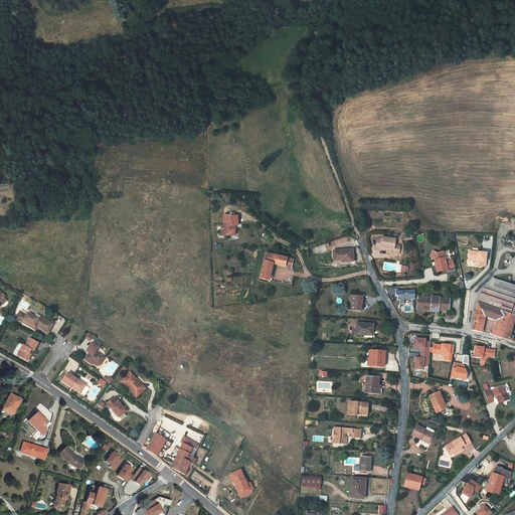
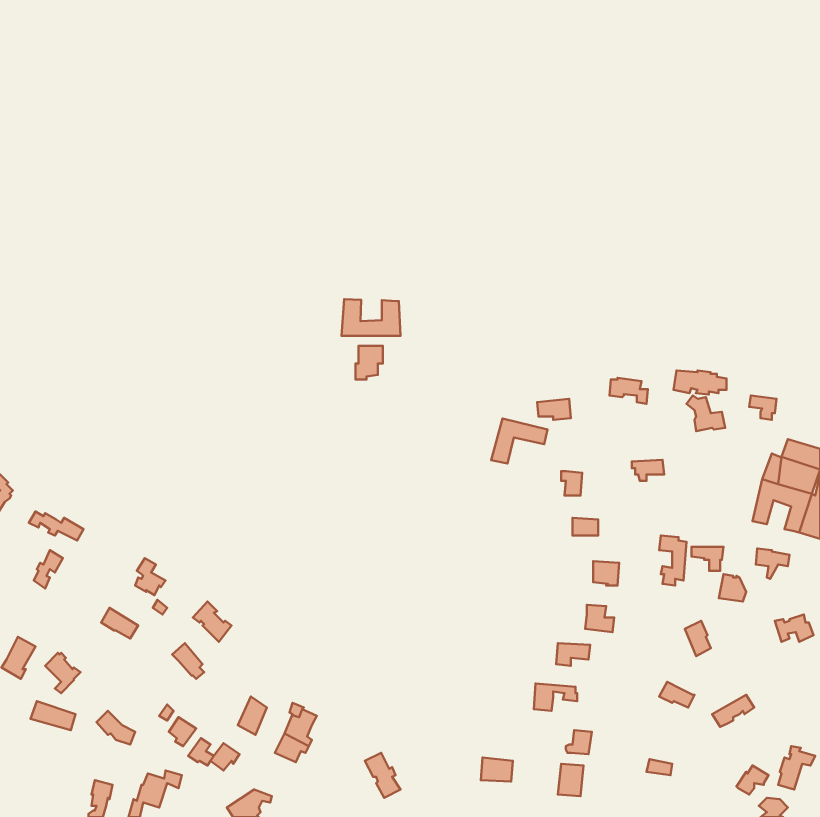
building: none -> [341,299,401,336]
building: [261,251,296,280] -> [491,418,548,463]
building: [416,294,450,309] -> [673,371,726,395]

